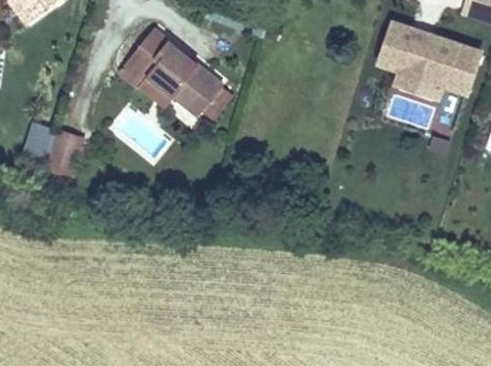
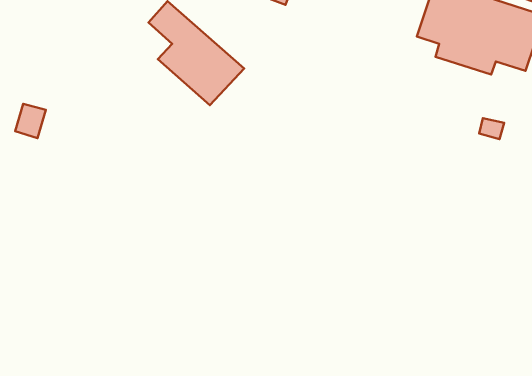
building: [121,54,163,97] -> none
building: [45,125,81,170] -> none

